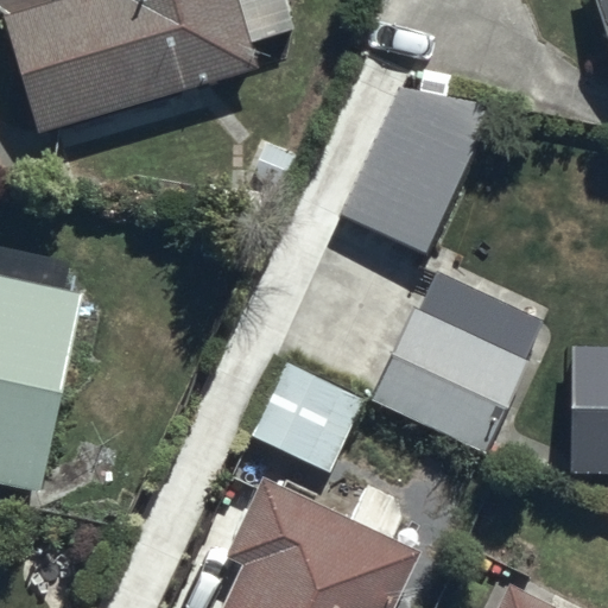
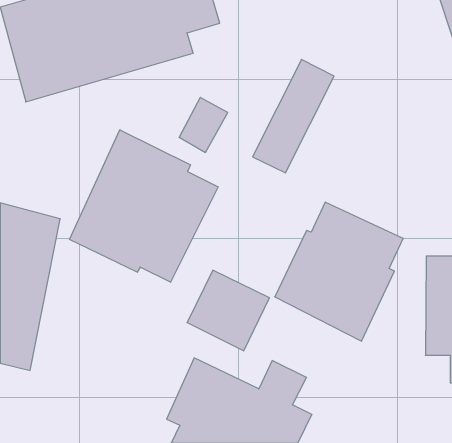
building: none -> [69,130,218,282]

